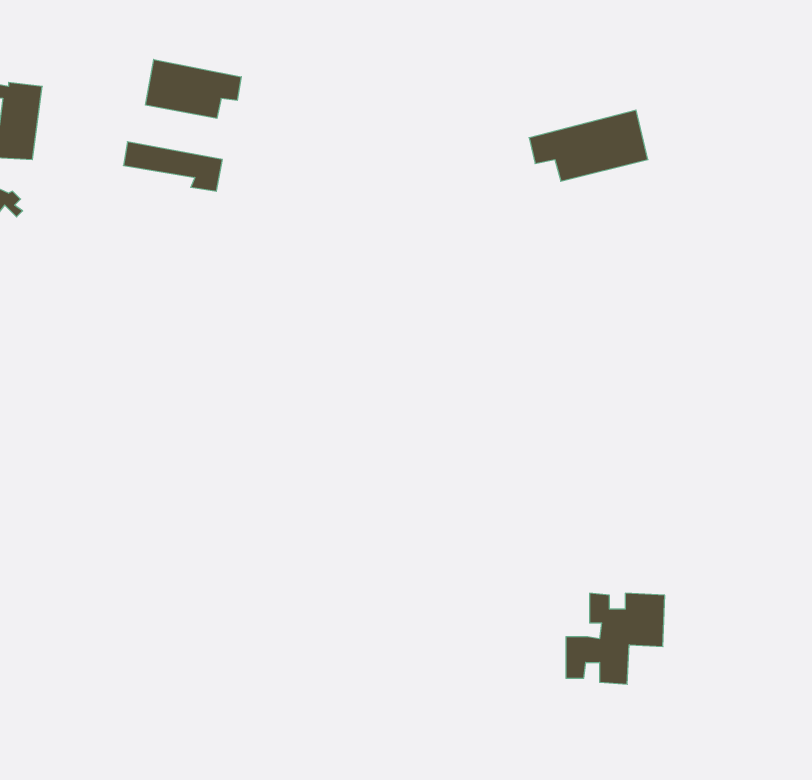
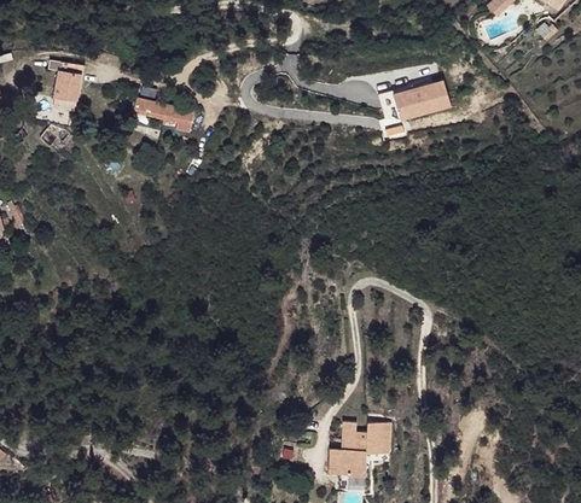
building: [146,59,241,118] -> none
building: [566,593,665,684] -> [330,423,390,479]

